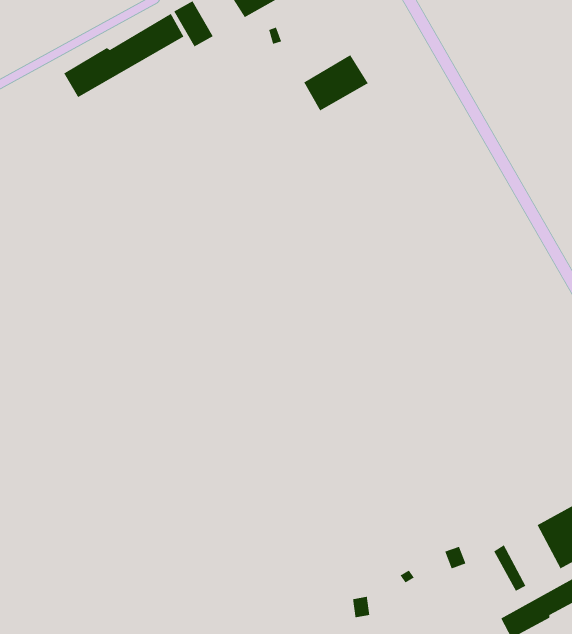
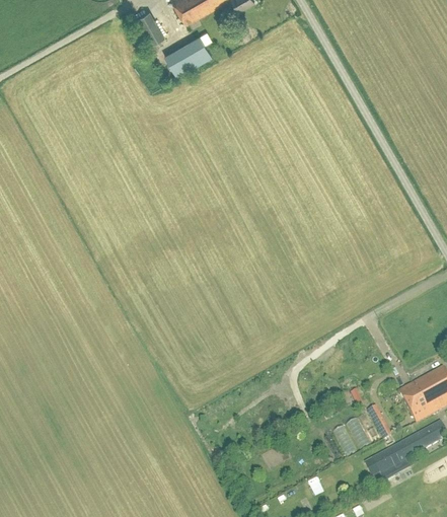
building: [63,13,184,98] -> none
building: [303,54,369,111] -> [164,33,212,75]

